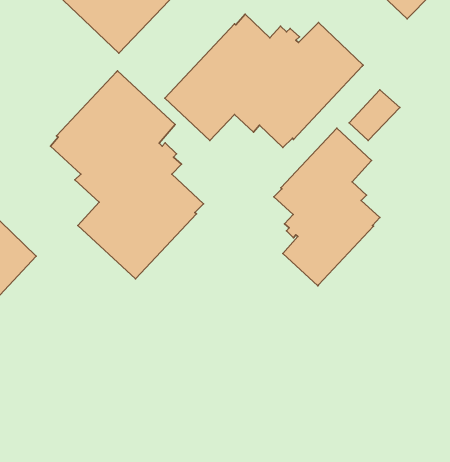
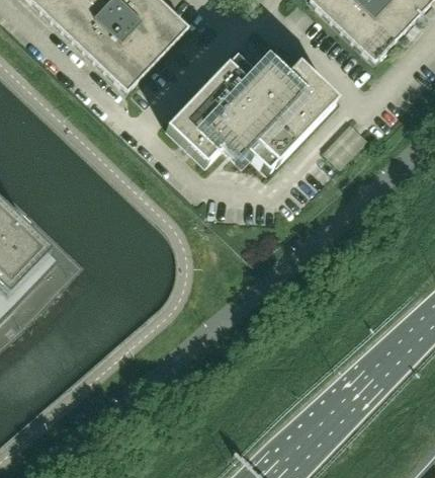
building: [51,71,204,279] -> none
building: [274,128,380,286] -> none

